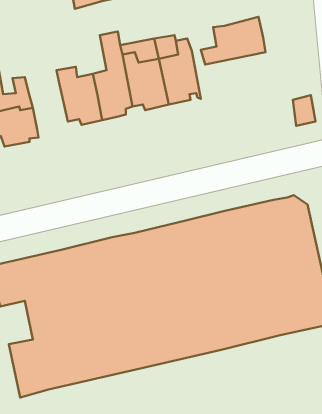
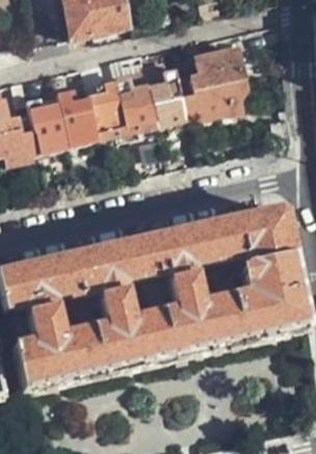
building: none -> [179,75,249,122]
building: none -> [26,97,67,151]

